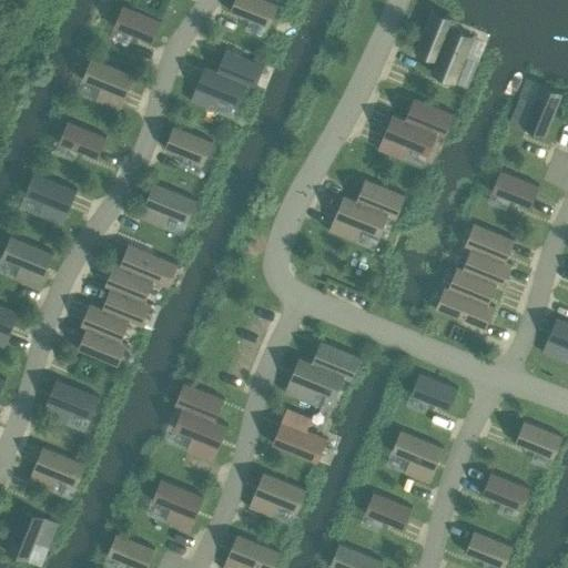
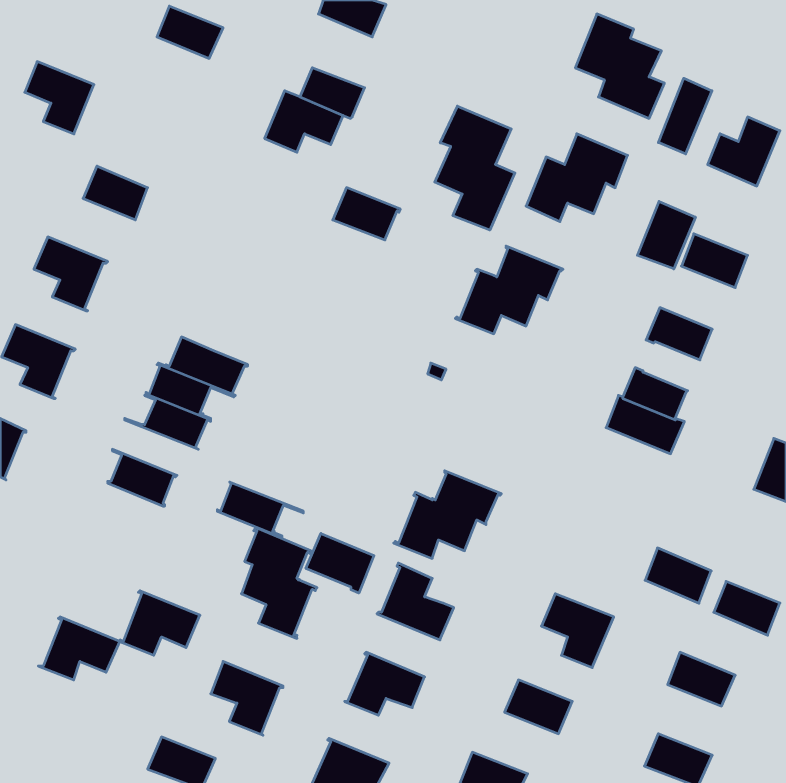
building: none -> [658,78,712,154]
building: [82,59,132,111] -> [25,62,94,134]
building: none -> [435,106,515,230]
building: [164,126,213,164] -> [333,188,400,240]
building: none -> [637,201,695,269]
building: [139,183,196,230] -> none
building: [464,248,510,287] -> none
building: [81,305,143,345] -> [217,482,303,537]
building: [410,373,458,413] -> [645,548,711,603]
building: [42,379,100,426] -> [120,591,200,655]
building: none -> [306,533,374,593]
building: [6,509,59,561] -> none

